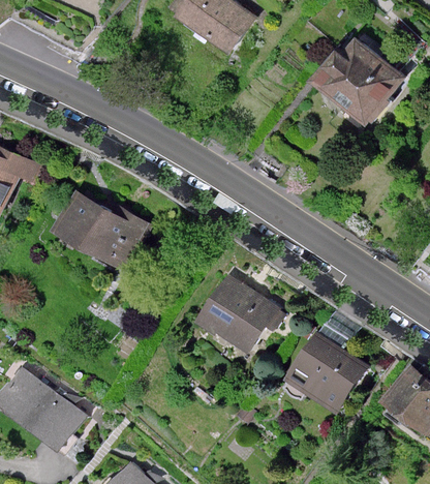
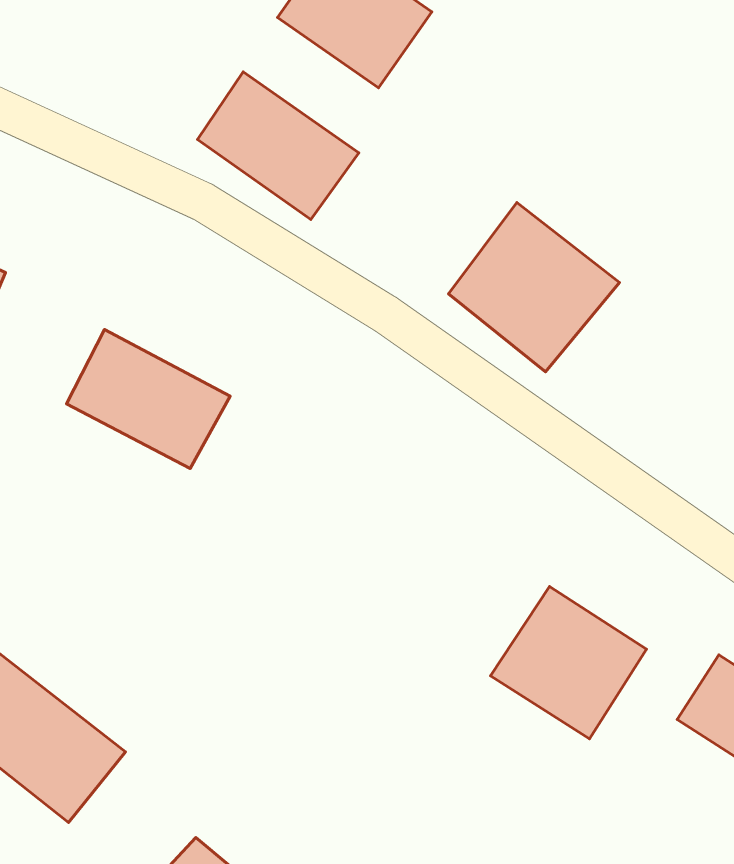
building: [315,32,408,124] -> [448,202,620,372]
building: none -> [198,72,359,220]
building: [193,272,283,360] -> none

